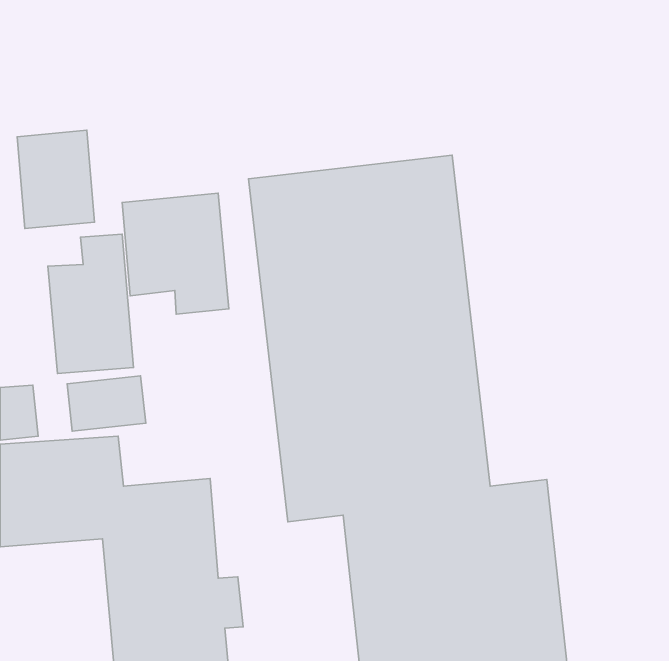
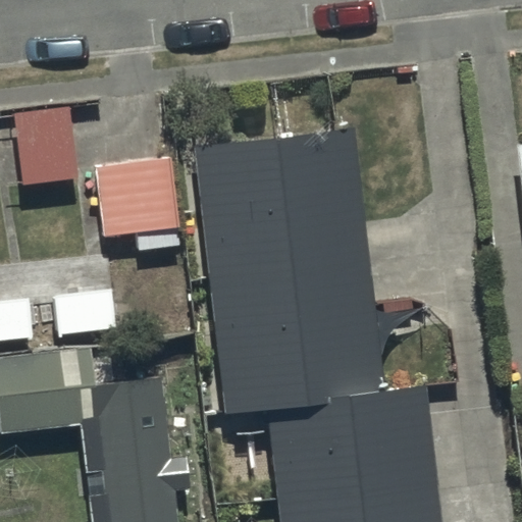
building: [48,234,133,374] -> none

